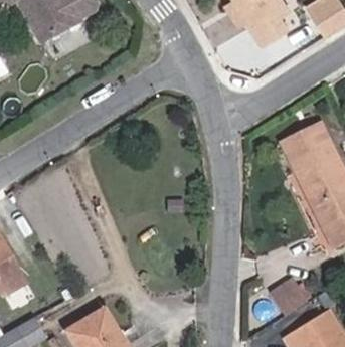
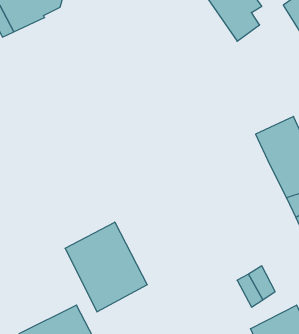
building: none -> [65,222,147,312]

